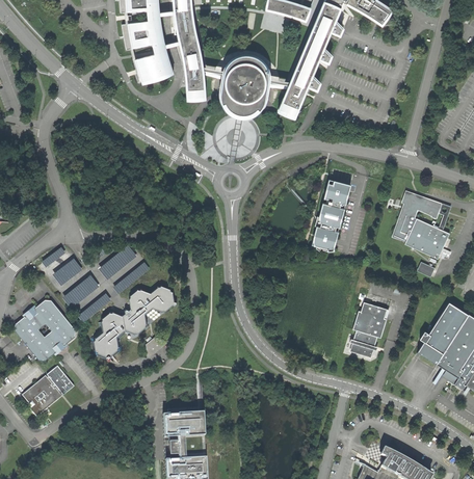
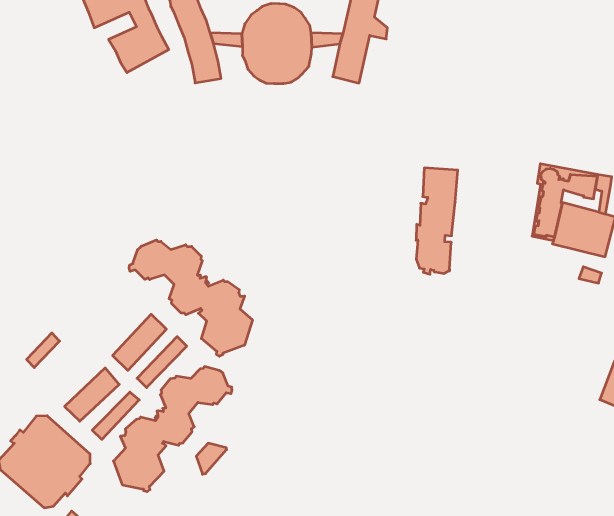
building: none -> [129,240,252,356]
building: [55,257,86,285] -> none
building: [350,301,387,354] -> none

